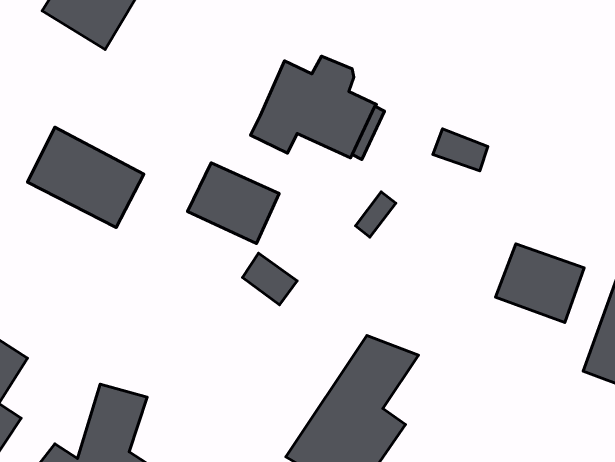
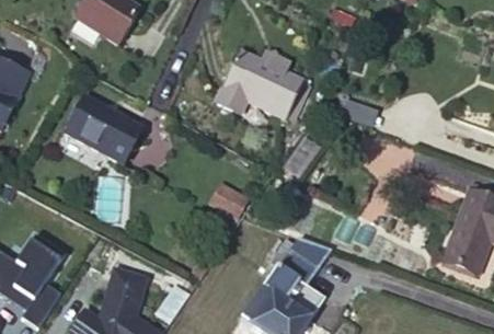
building: [187,163,279,243] -> none
building: [495,244,584,323] -> none

